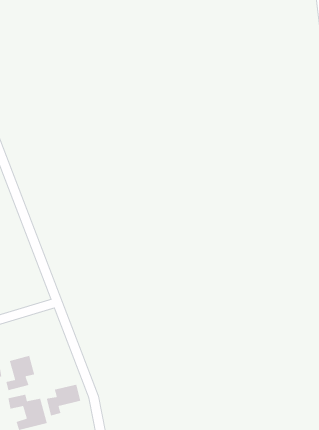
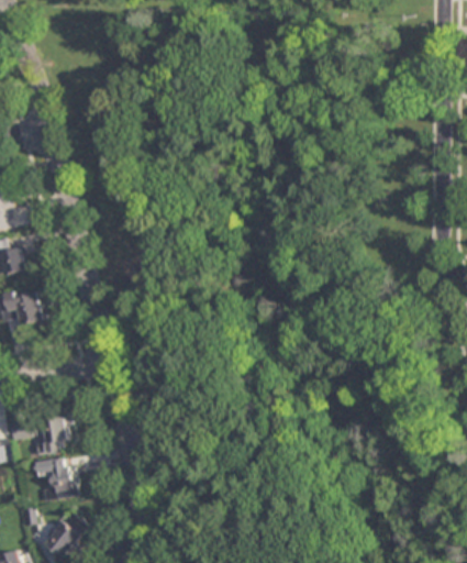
building: [46,384,81,417] -> none

